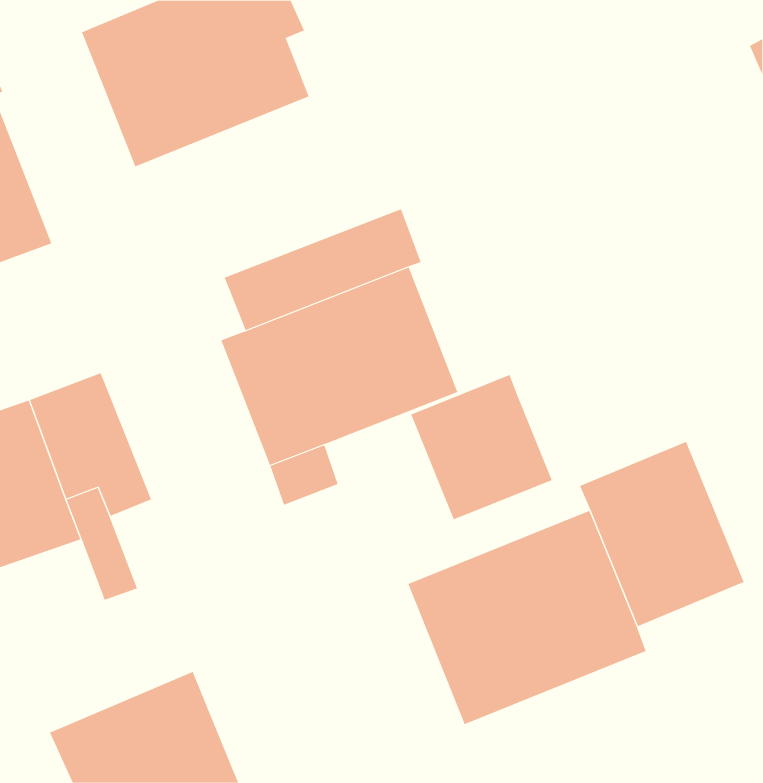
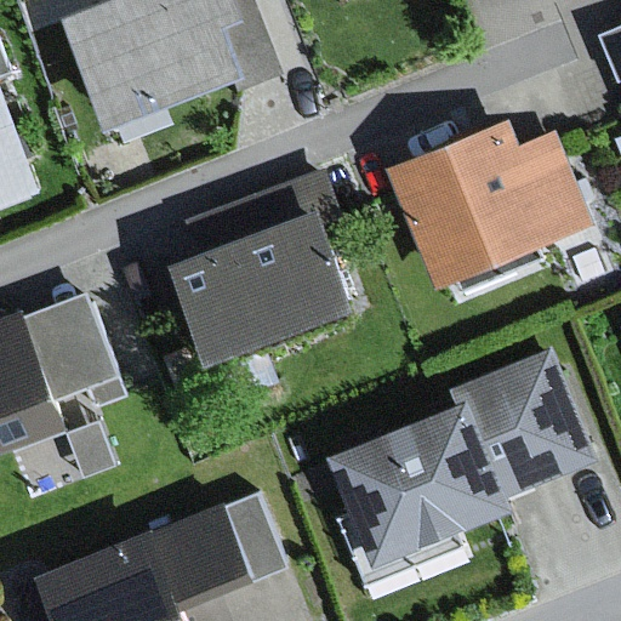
building: none -> [389,124,593,290]
building: [411,374,553,520] -> none
building: none -> [153,491,283,611]

